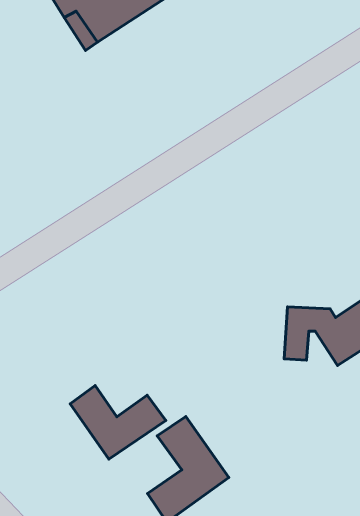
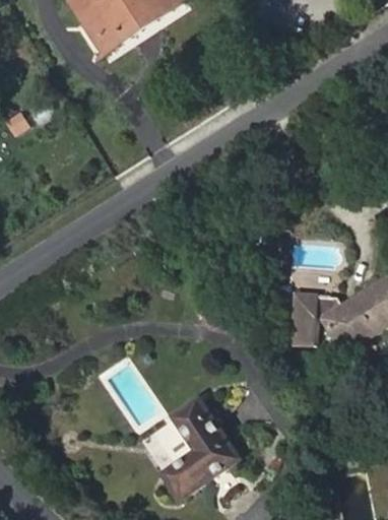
building: [70,385,166,459] -> none

